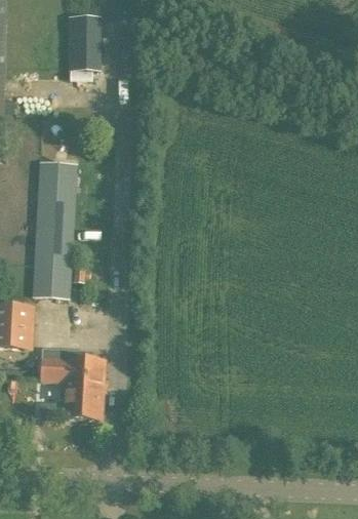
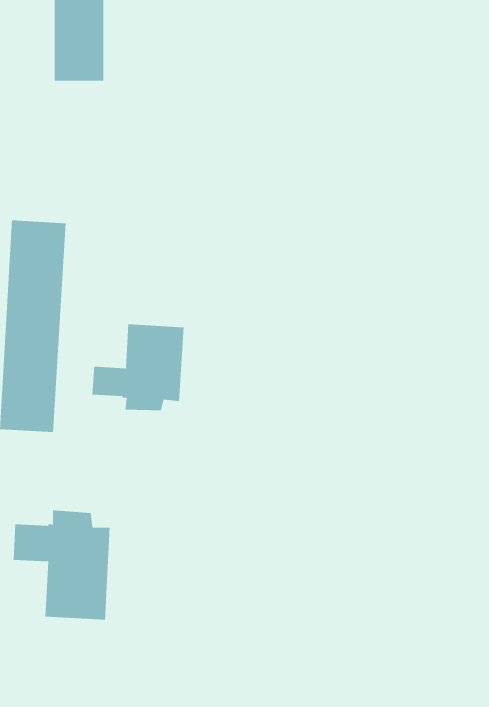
building: none -> [92,323,184,411]

